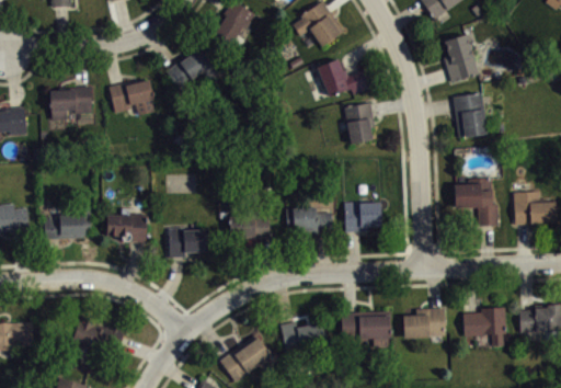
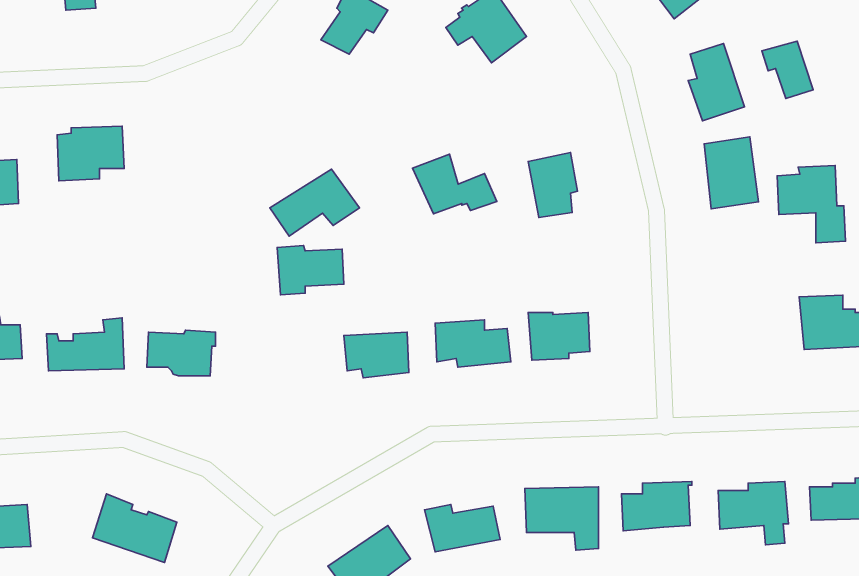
building: none -> [762,41,813,98]
building: [167,47,222,89] -> [270,169,360,236]
building: [317,59,369,96] -> [412,154,497,214]
building: [108,80,157,115] -> none
building: [455,179,497,227] -> [777,165,846,243]
building: [168,228,209,259] -> [277,246,344,295]

